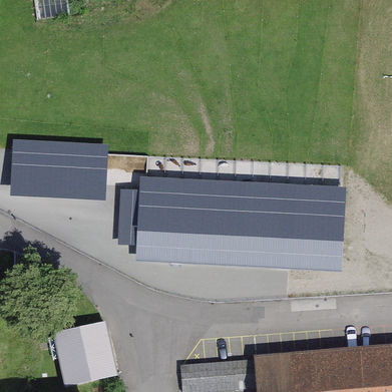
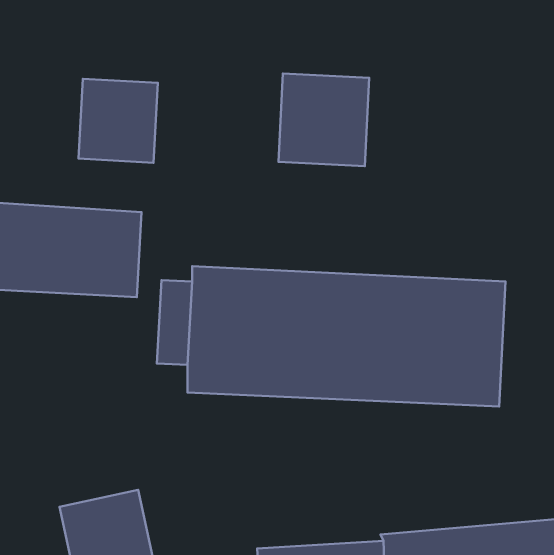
building: none -> [279,74,369,166]
building: none -> [78,79,158,163]

